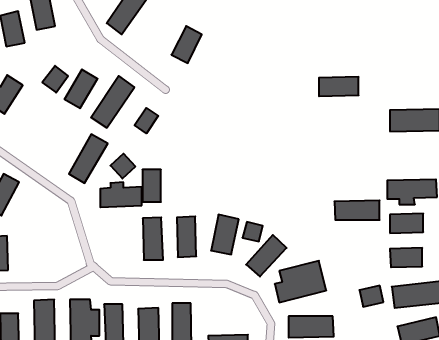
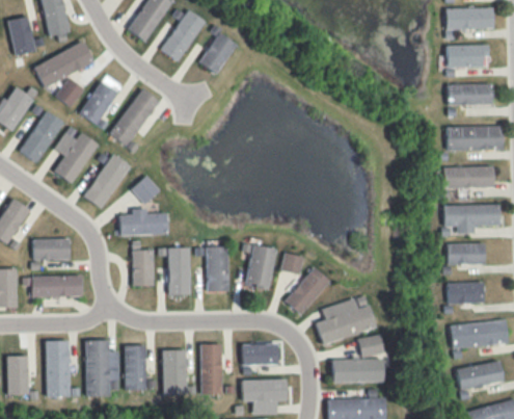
building: none -> [445,7,493,29]
building: none -> [161,9,206,61]
building: none -> [34,42,94,86]
building: none -> [447,45,488,68]
building: [319,77,359,96] -> [448,83,492,105]
building: none -> [22,111,62,163]
building: [135,108,158,133] -> none
building: none -> [54,126,98,184]
building: [142,170,161,202] -> [133,250,154,286]
building: [334,200,380,220] -> [442,166,493,188]
building: none -> [33,239,70,260]
building: none -> [32,276,83,297]
building: [359,286,383,307] -> [357,334,384,358]
building: none -> [243,344,278,365]

